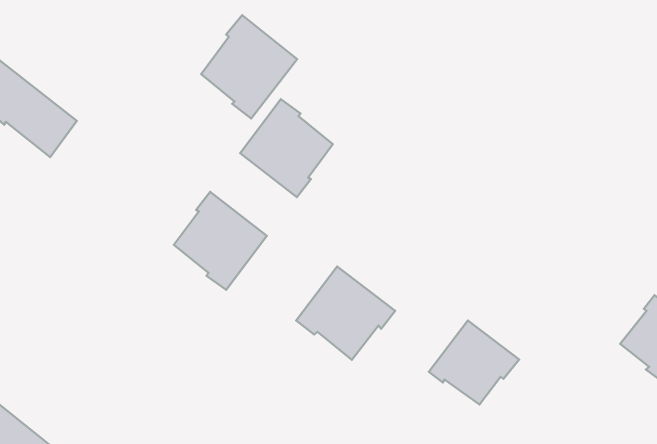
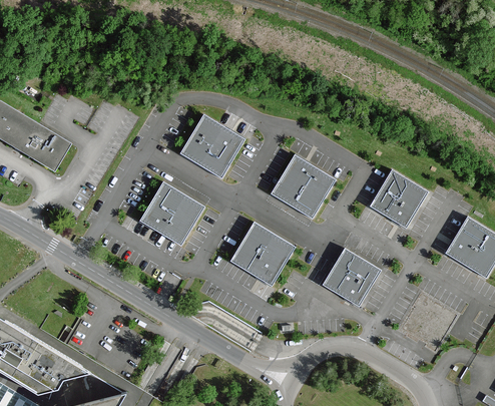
building: [201,15,297,118] -> none
building: none -> [270,157,335,219]
building: none -> [369,169,428,225]

